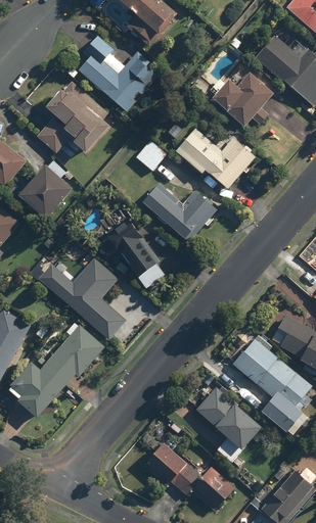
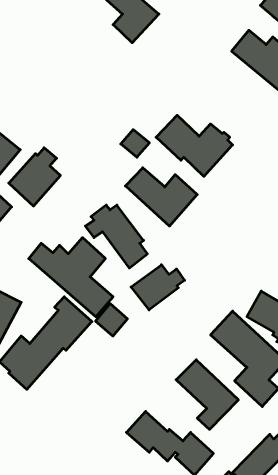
building: [79,35,161,112] -> none
building: [192,74,274,129] -> none
building: [38,80,109,155] -> none
building: none -> [131,265,185,310]
building: none -> [96,304,127,336]

